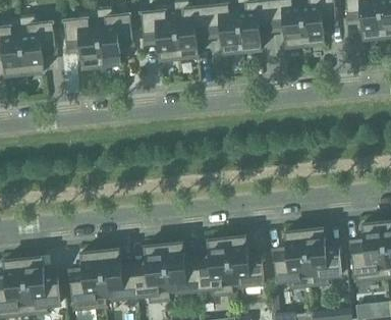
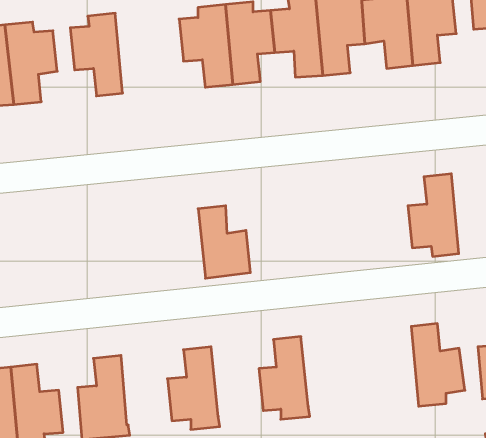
building: [96,8,131,66] -> none
building: [273,230,309,288] -> [408,174,459,256]
building: [226,235,264,286] -> none
building: [163,243,200,294] -> [198,206,250,278]
building: [100,249,135,300] -> none

